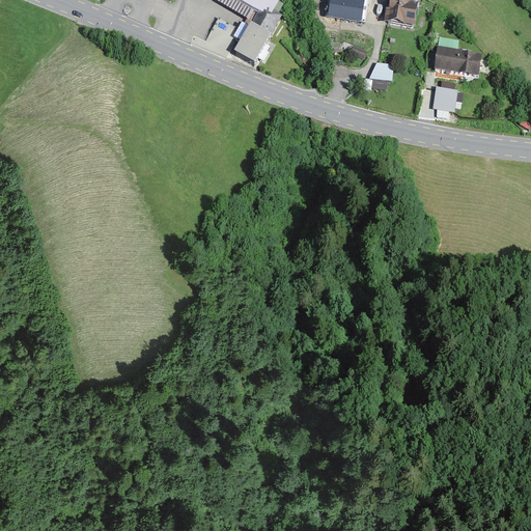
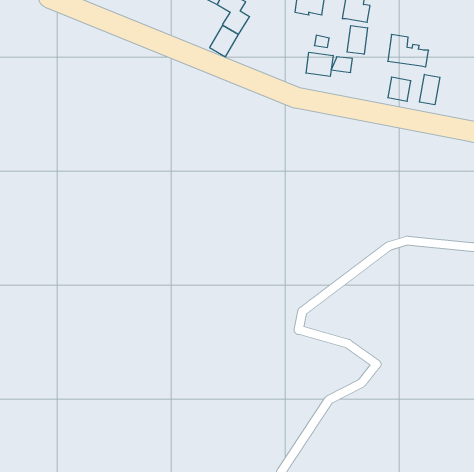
building: none -> [347,26,368,54]
building: none -> [306,52,333,76]
building: none -> [419,74,440,105]

